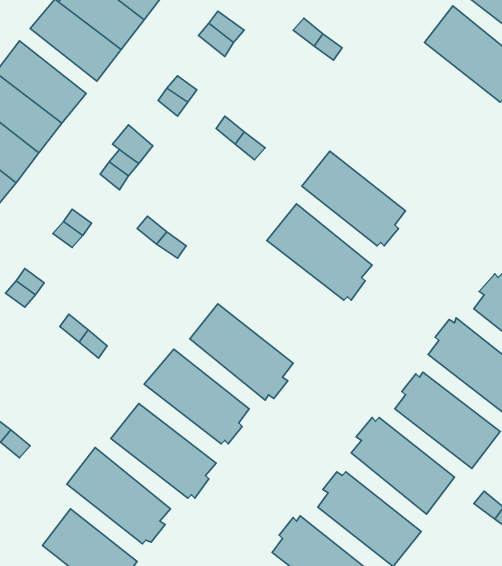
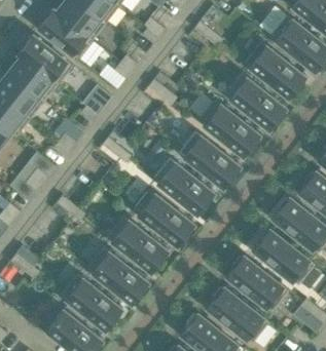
building: none -> [244,40,305,96]
building: none -> [224,72,286,128]
building: none -> [152,156,214,212]

